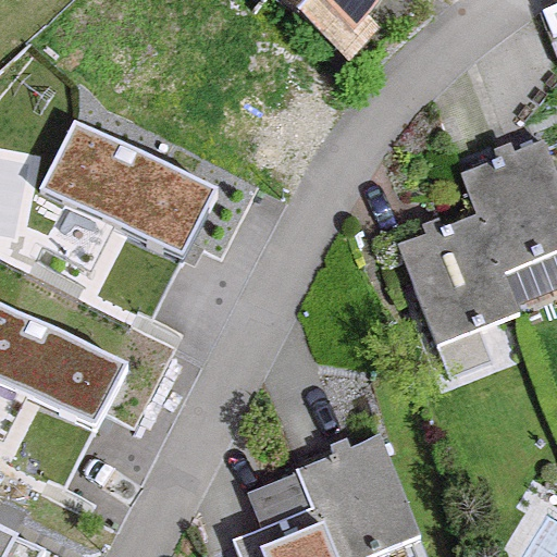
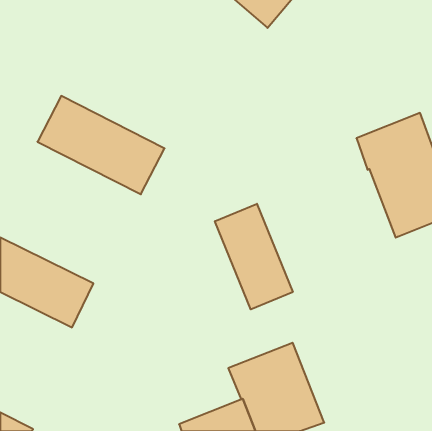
building: [379,216,517,350] -> none
building: none -> [215,204,293,309]

